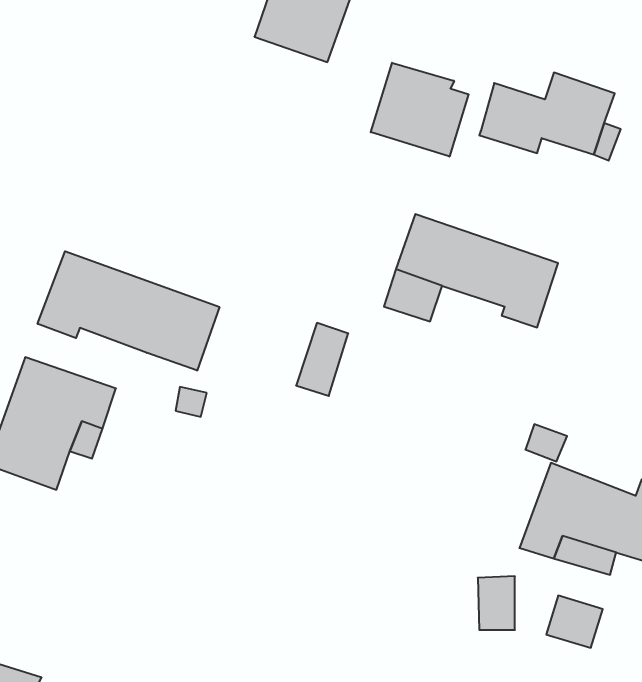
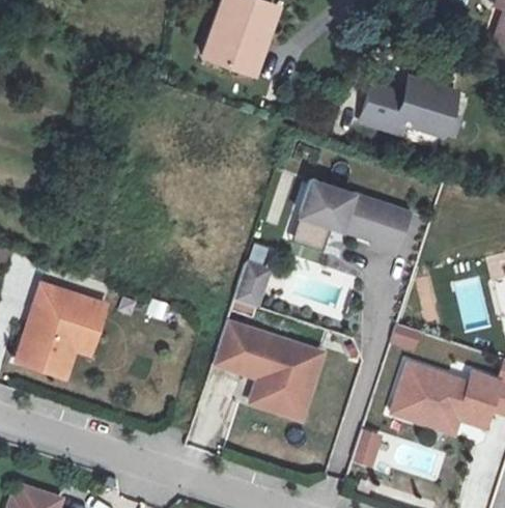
building: [371,63,469,157] -> none
building: [38,251,219,371] -> none
building: none -> [208,321,317,413]

